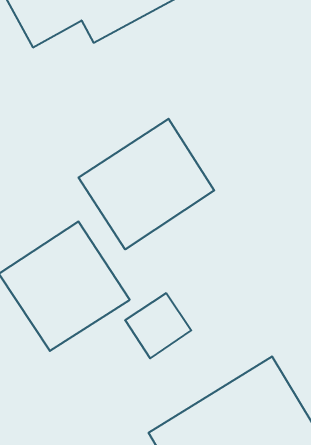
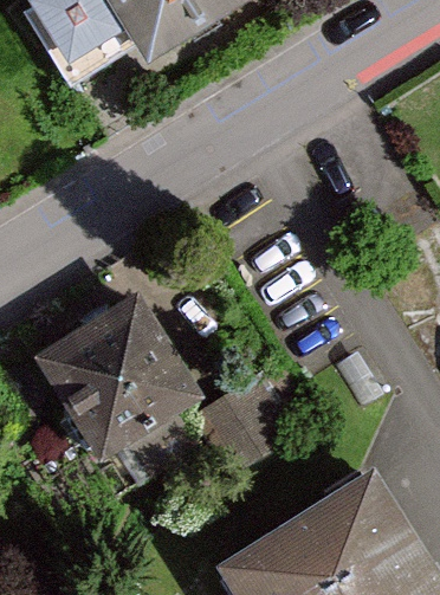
building: [79,119,214,249] -> none

